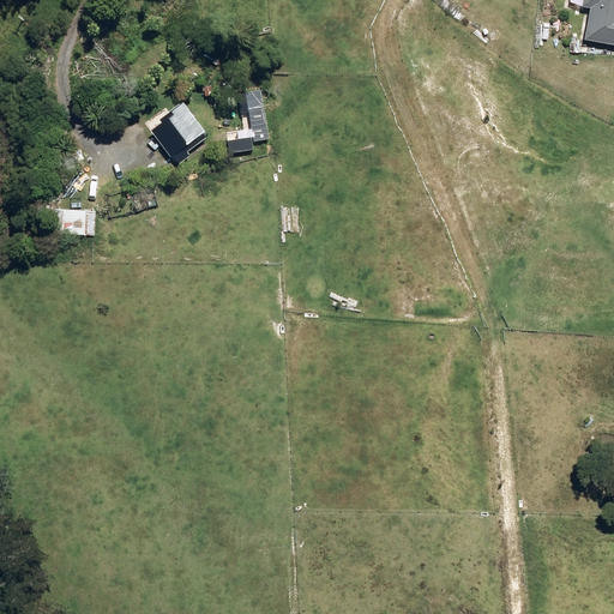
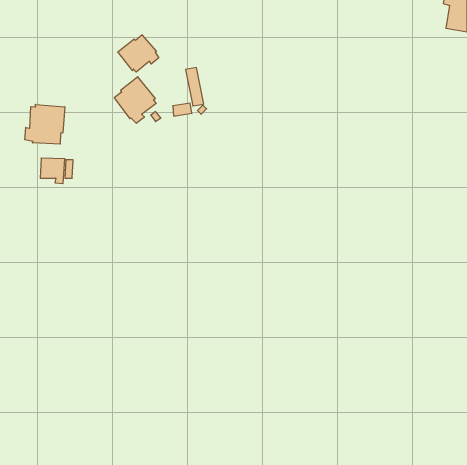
building: none -> [118,35,159,72]
building: none -> [25,104,65,144]

